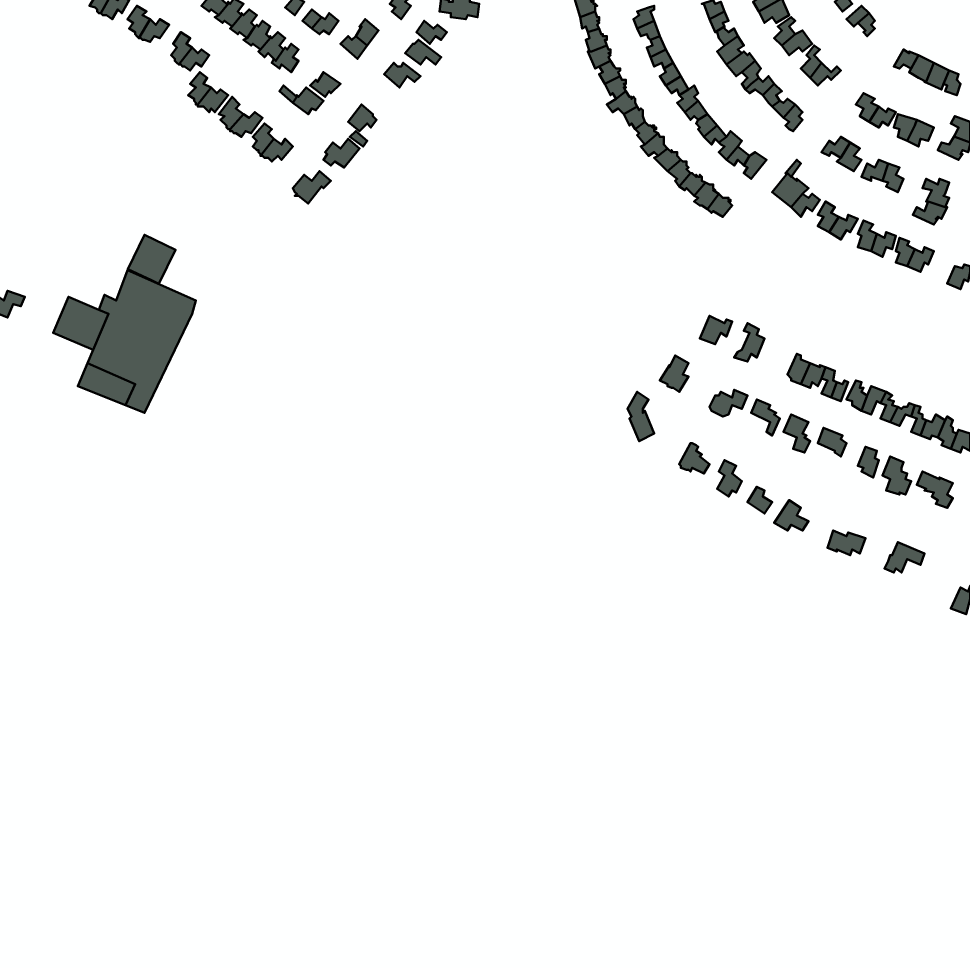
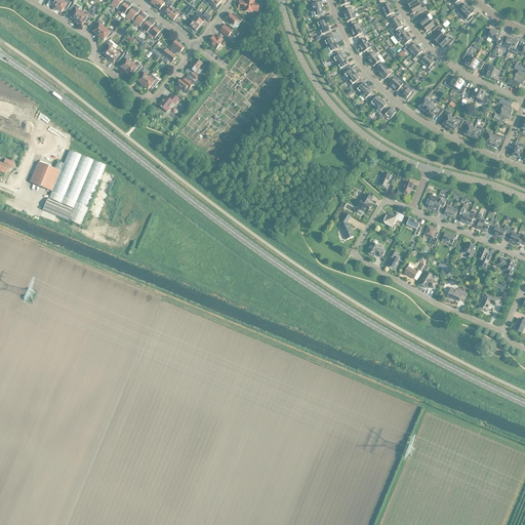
building: [128,235,175,284] -> none

